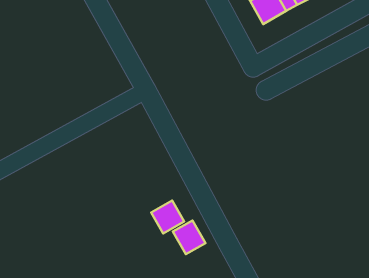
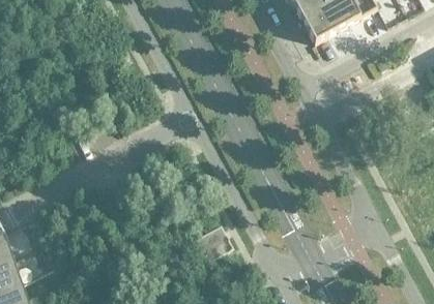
building: [173,220,205,254] -> none

